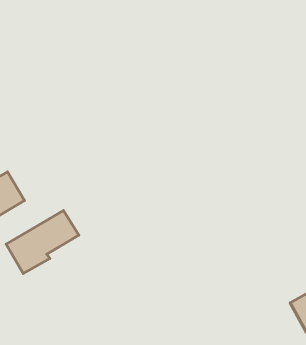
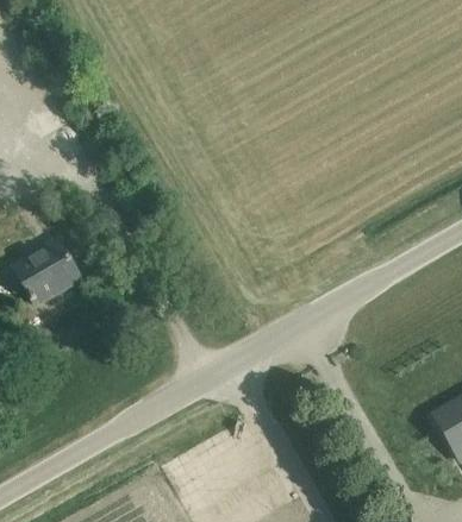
building: [6,210,79,274] -> none

